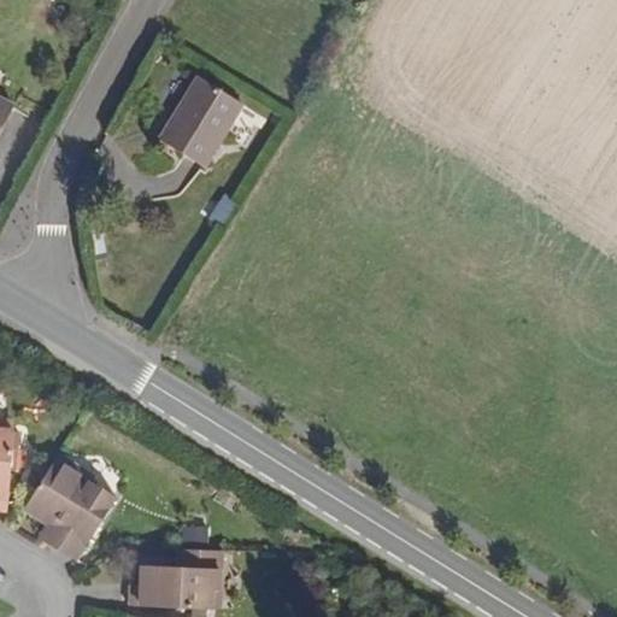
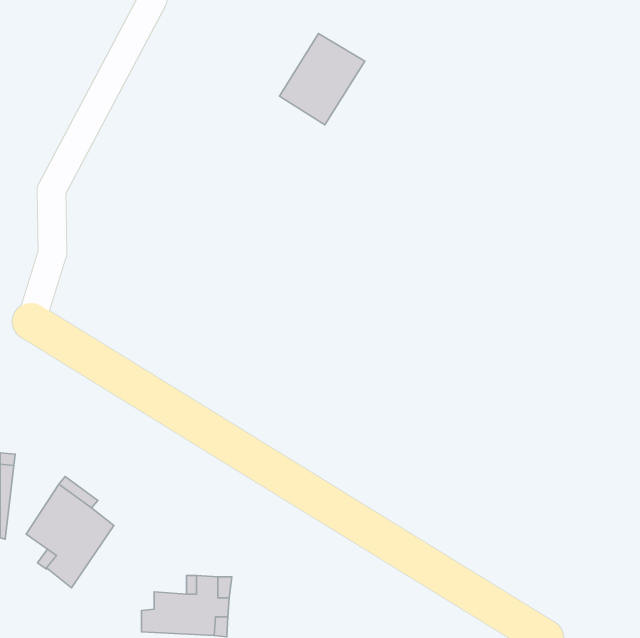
building: [160,63,242,151] -> [280,34,365,125]

